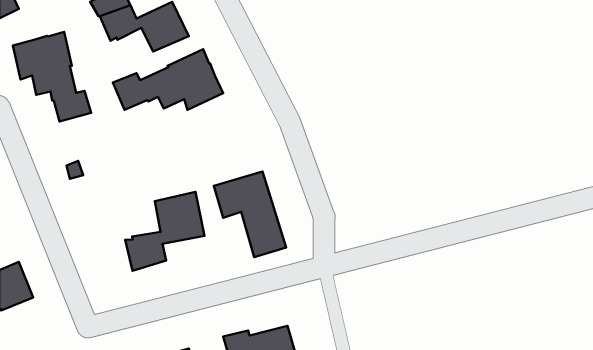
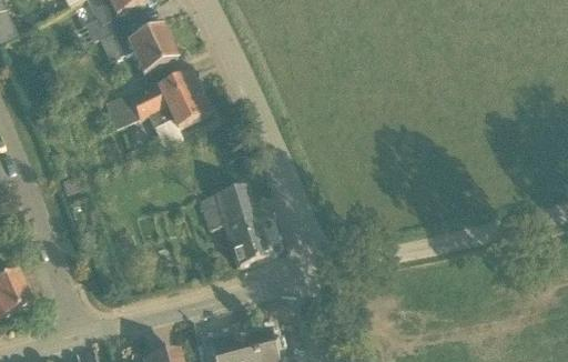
building: [13,32,91,122] -> none
building: [125,192,204,271] -> none

